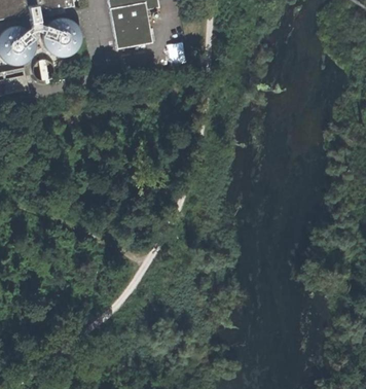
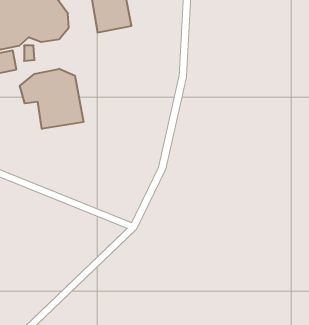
building: none -> [20,69,83,129]

